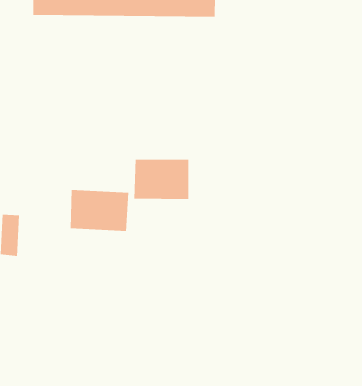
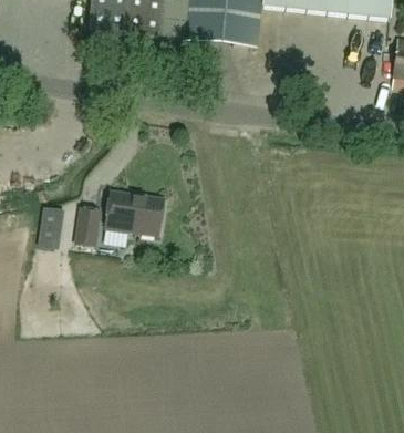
building: [134,159,189,200] -> none
building: none -> [75,206,99,244]

